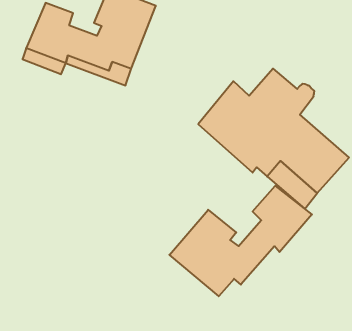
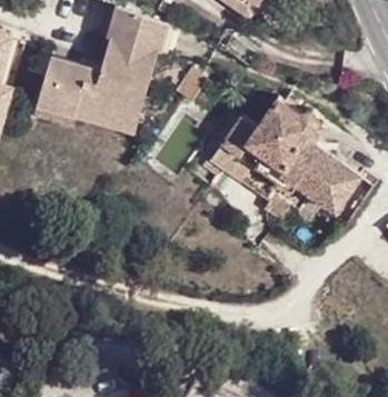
building: [169,186,312,296] -> none

